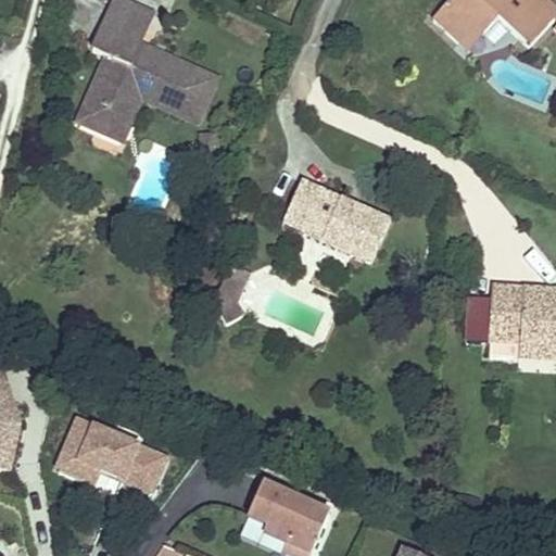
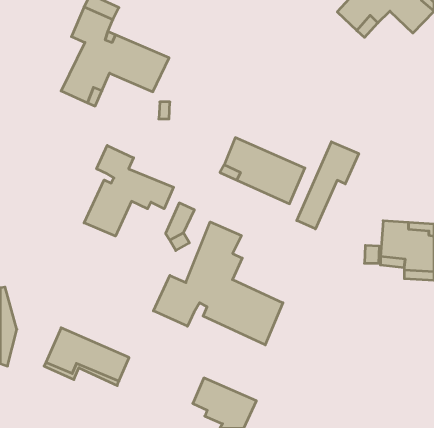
building: none -> [297,142,359,229]
building: none -> [84,145,174,236]
building: none -> [153,222,283,345]

